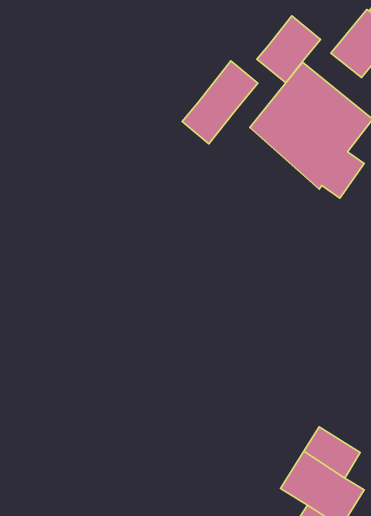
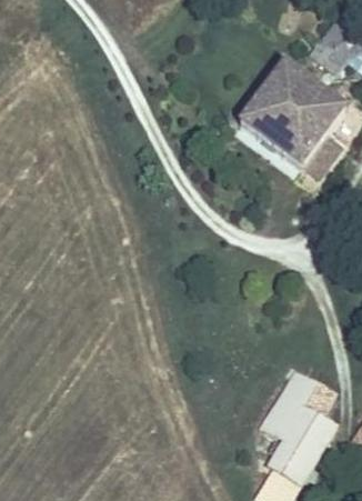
building: [257,16,321,83] -> none
building: [182,61,258,144] -> none

